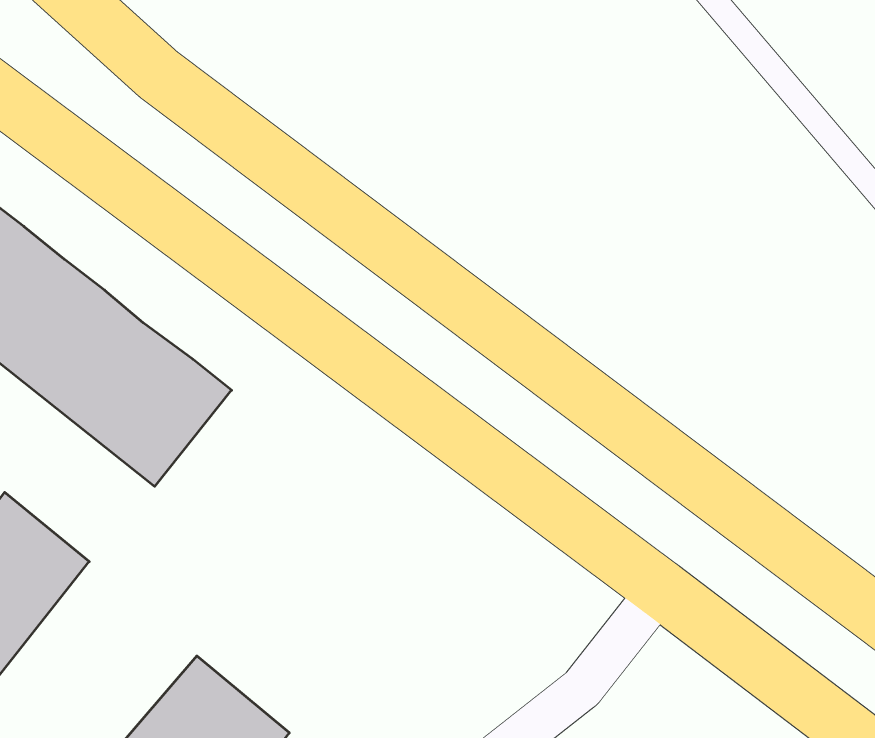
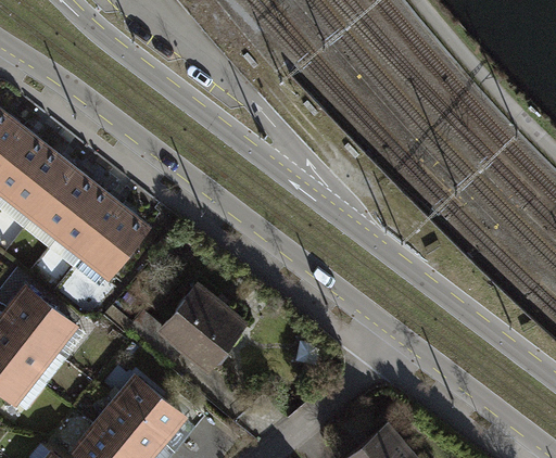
building: none -> [160,287,243,370]

